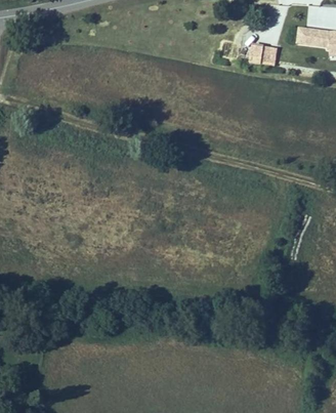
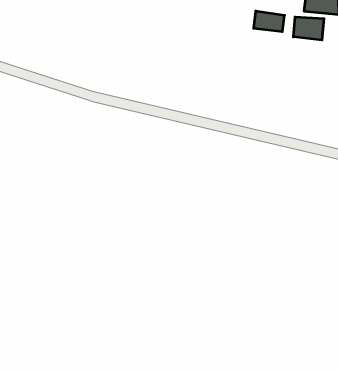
building: none -> [293,17,324,40]

